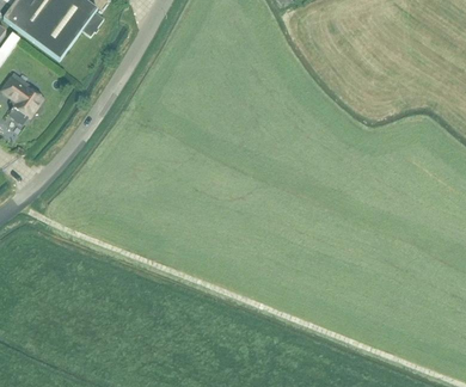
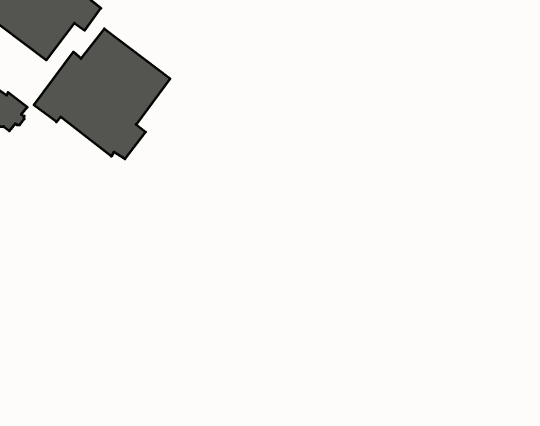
building: none -> [34,29,170,159]

